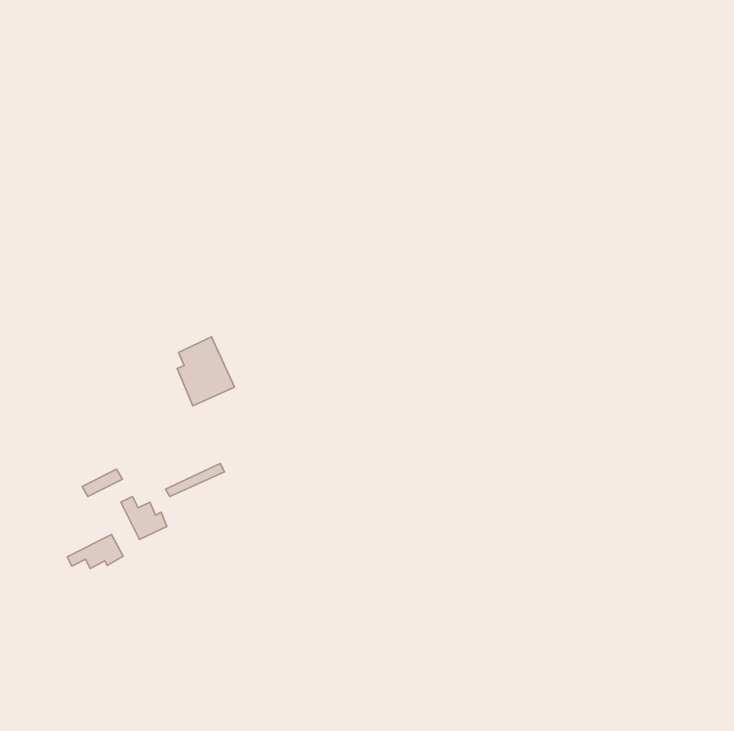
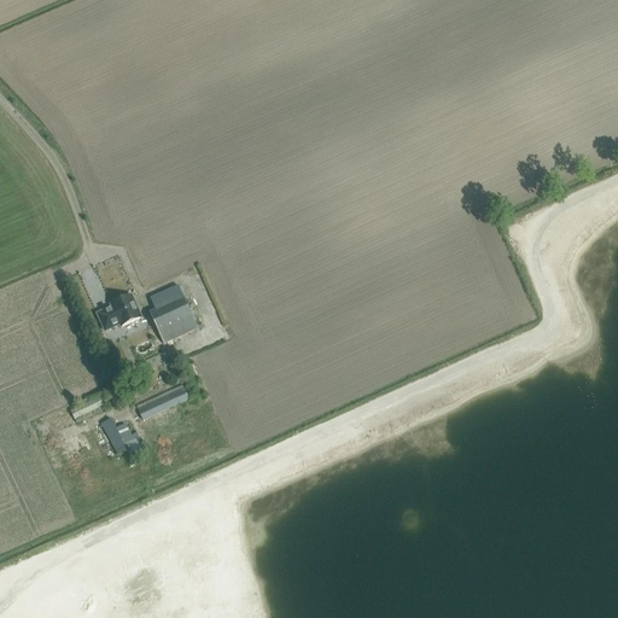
building: none -> [97,291,140,327]
building: [67,535,123,569] -> none

